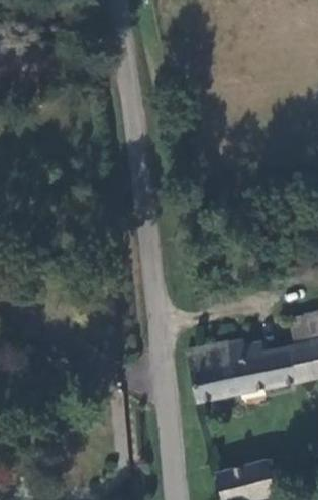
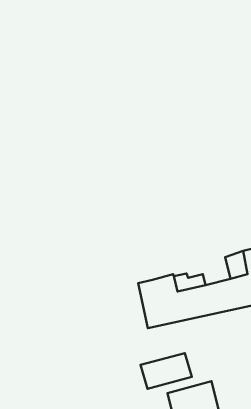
building: none -> [140,353,192,389]

